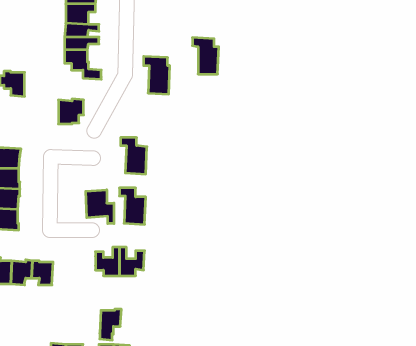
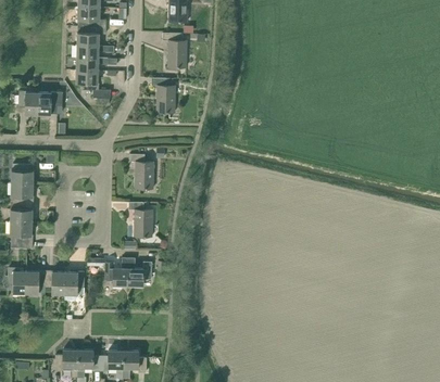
building: [192,38,219,74] -> [162,33,187,67]
building: [58,99,84,124] -> [38,91,62,115]
building: [86,190,114,224] -> none
building: [100,309,121,340] -> [64,271,85,301]

